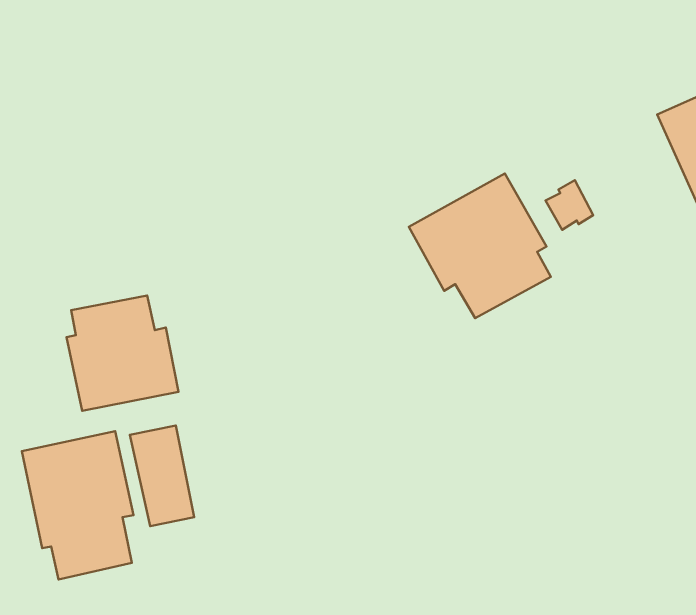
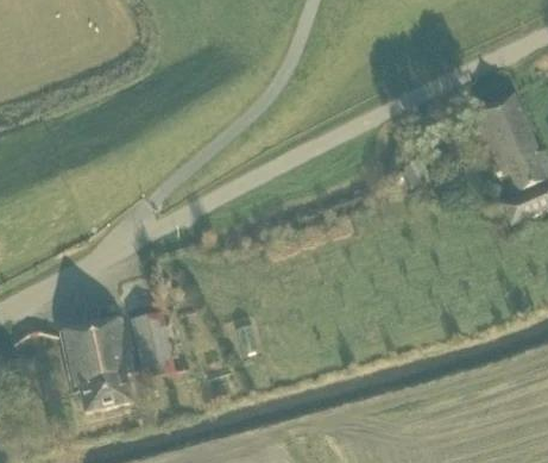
building: [409,174,551,318] -> none
building: [67,295,179,411] -> none

